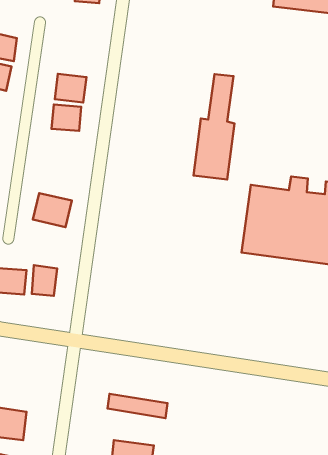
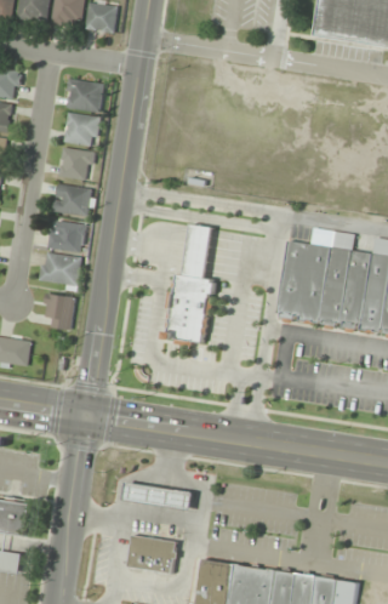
building: none -> [64,79,104,113]
building: [194,74,235,180] -> [166,223,213,344]
building: none -> [53,183,93,217]
building: none -> [50,222,82,250]
building: [32,265,57,296] -> [45,294,74,329]

